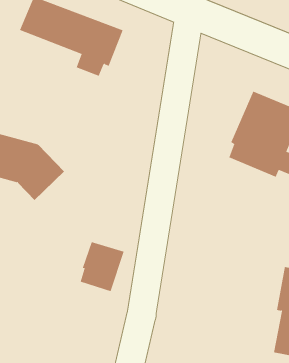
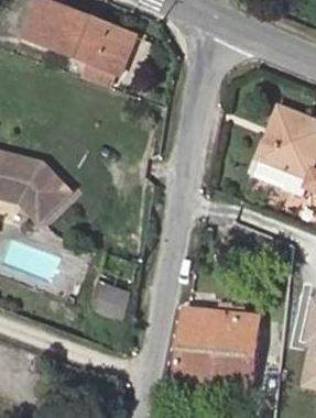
building: none -> [173,302,258,386]

